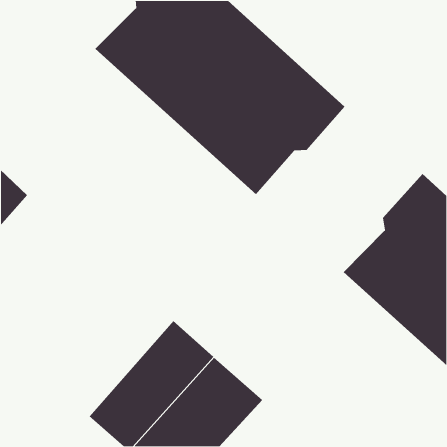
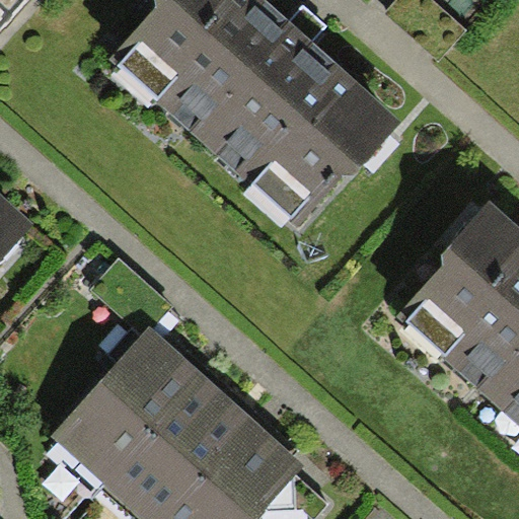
building: none -> [52,326,201,483]

